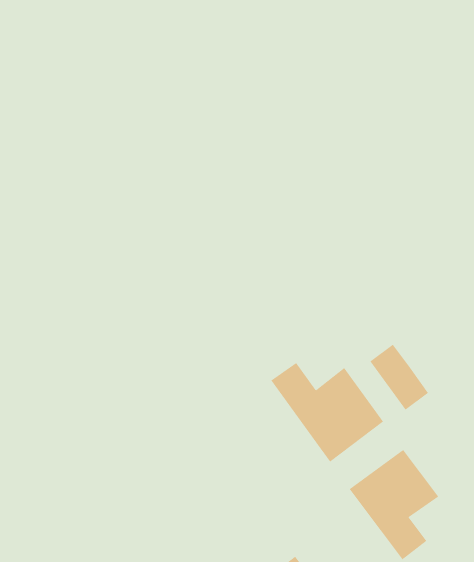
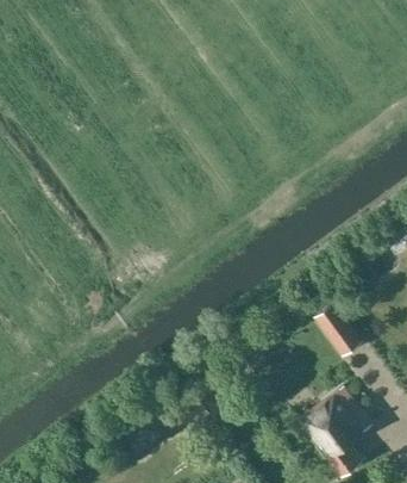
building: [270,362,384,462] -> none

